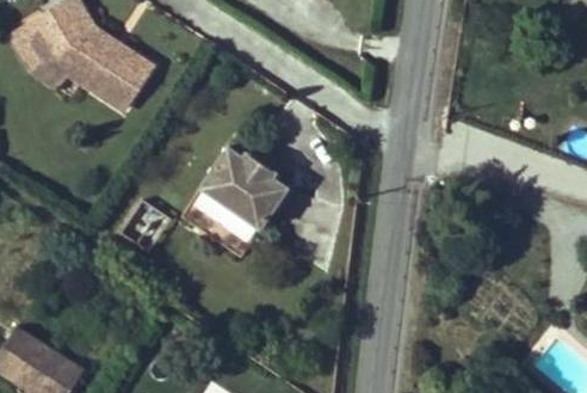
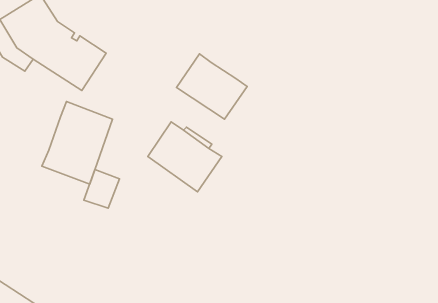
building: none -> [176,54,247,119]
building: none -> [42,101,113,184]

